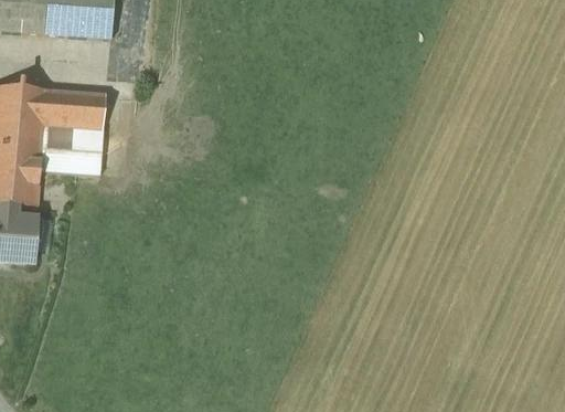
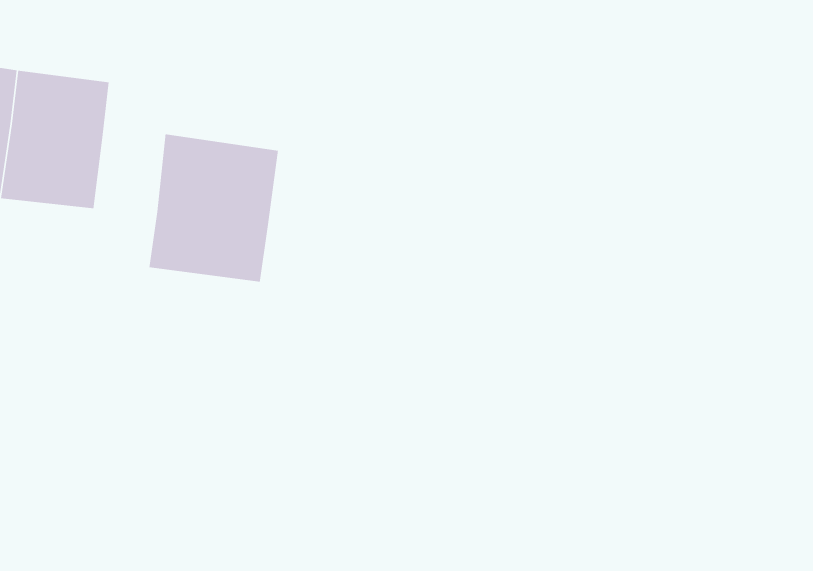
building: none -> [149,133,278,282]

